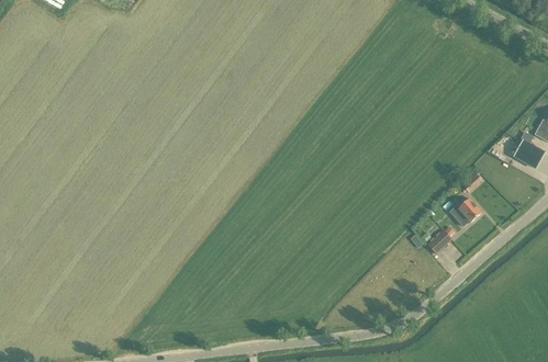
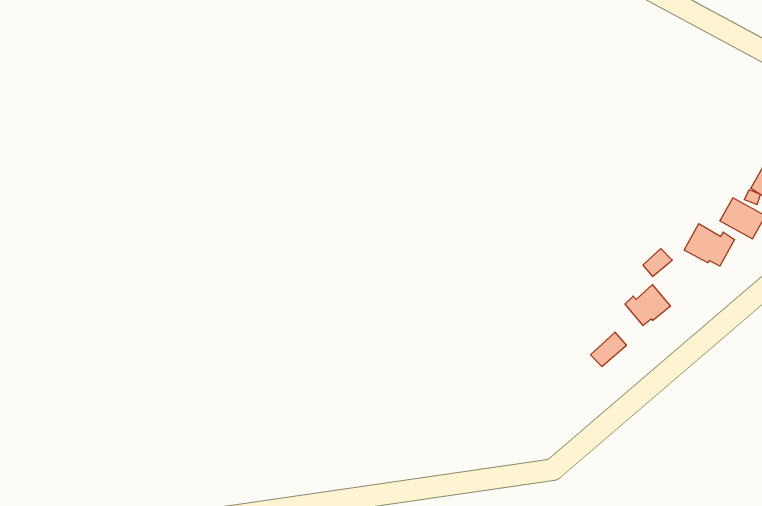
building: none -> [684,224,735,266]

